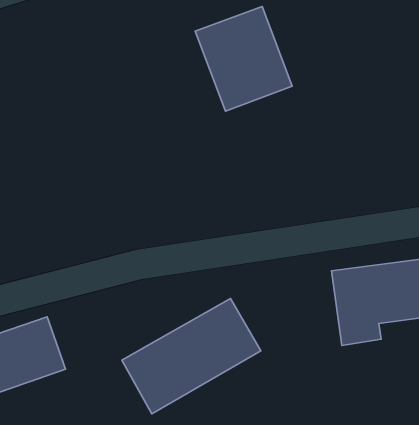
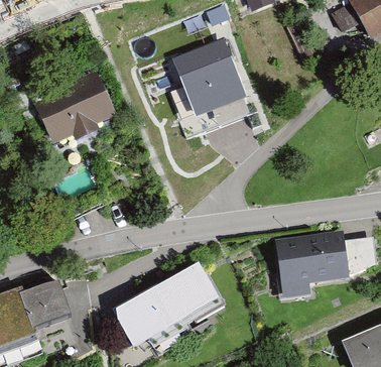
building: none -> [33,72,120,146]

